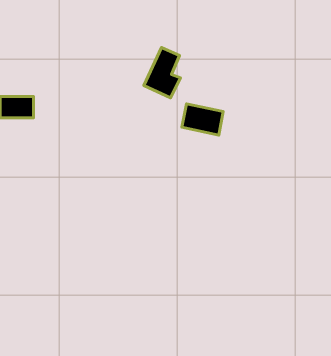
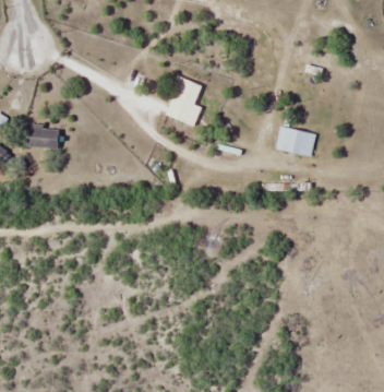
building: [182,104,223,135] -> [275,127,315,157]

